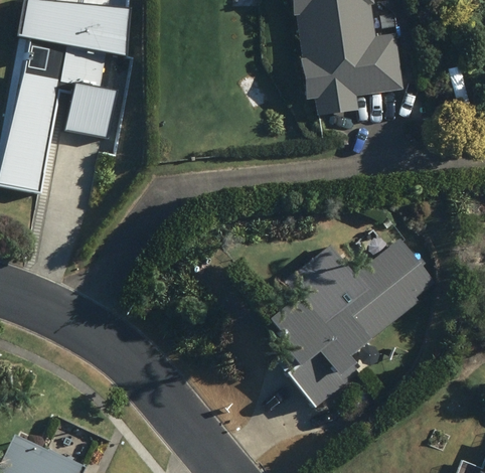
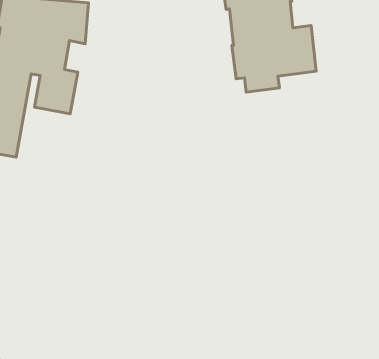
building: [267,239,434,409] -> none

